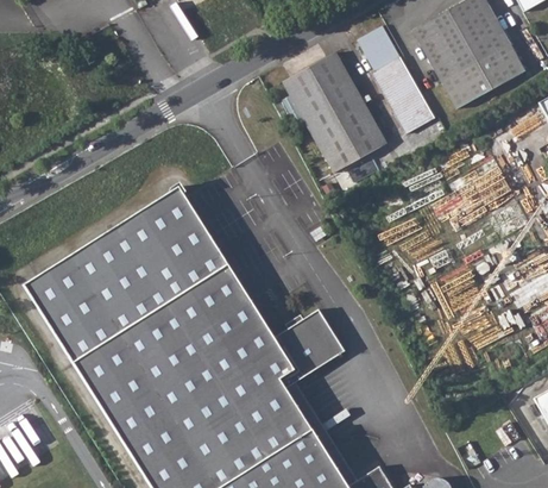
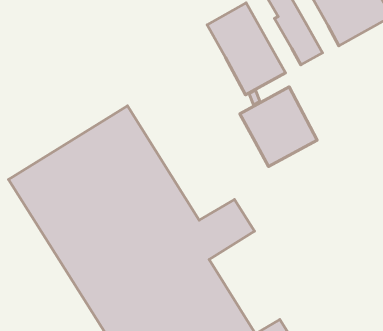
building: none -> [240,87,317,167]

